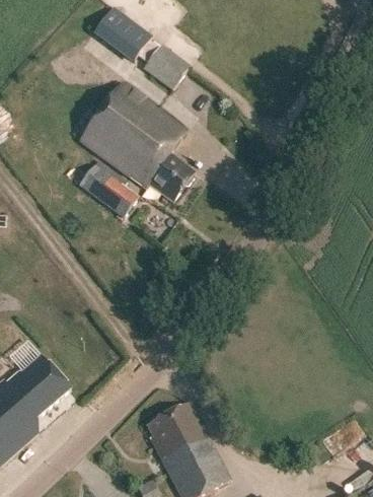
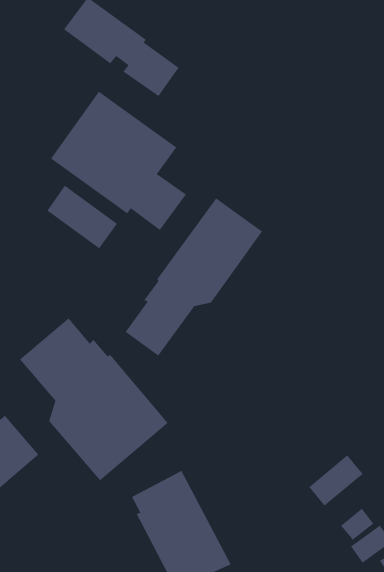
building: none -> [125,197,263,356]
building: none -> [19,318,169,481]
building: none -> [308,455,363,506]

